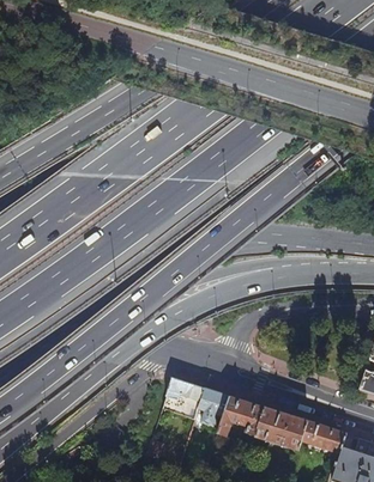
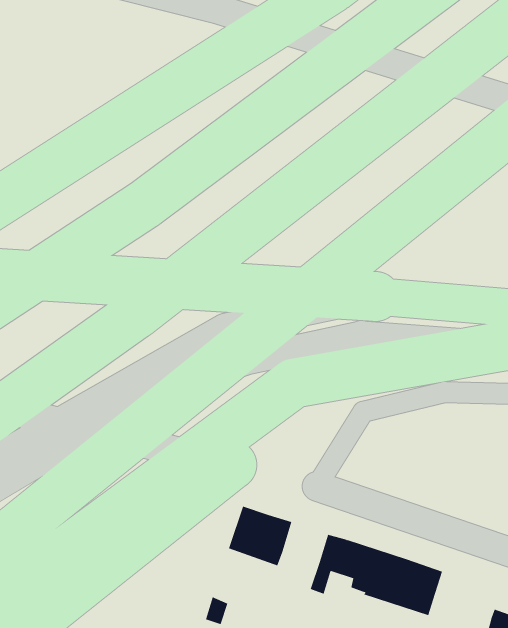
building: [200,388,230,426] -> none
building: [302,421,346,452] -> none

